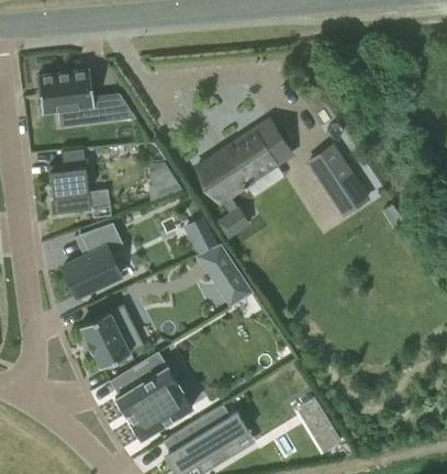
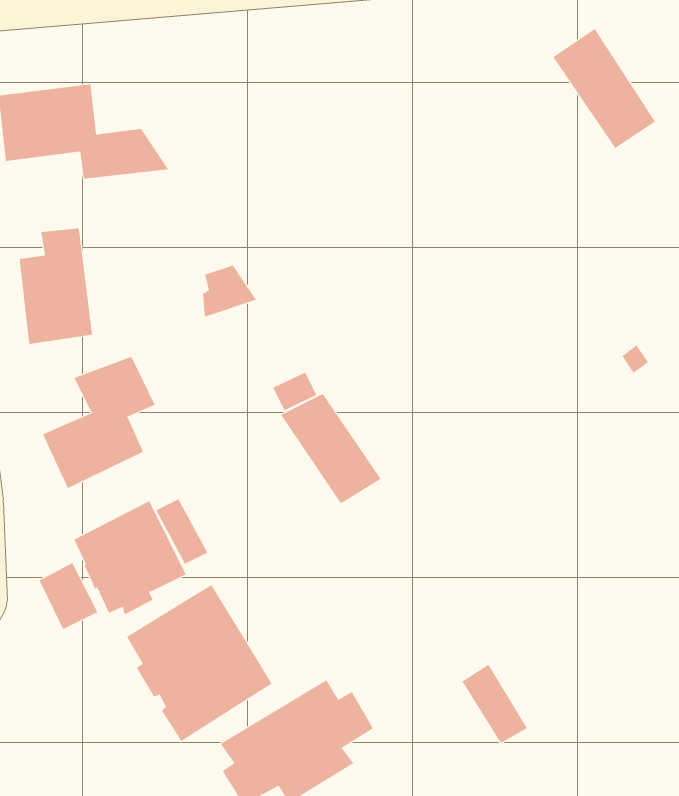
building: [195,122,290,238] -> none
building: [308,146,366,214] -> [552,28,656,149]
building: none -> [39,562,98,630]

